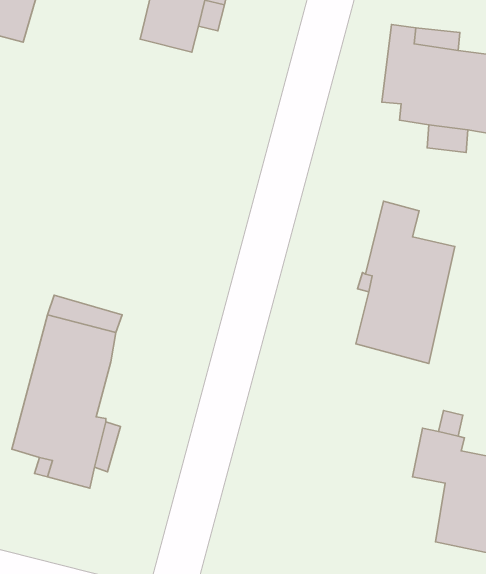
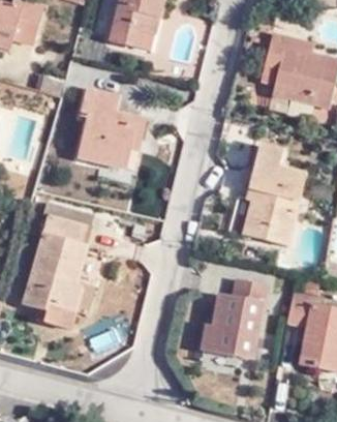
building: none -> [68,82,141,167]
building: none -> [193,279,263,359]

